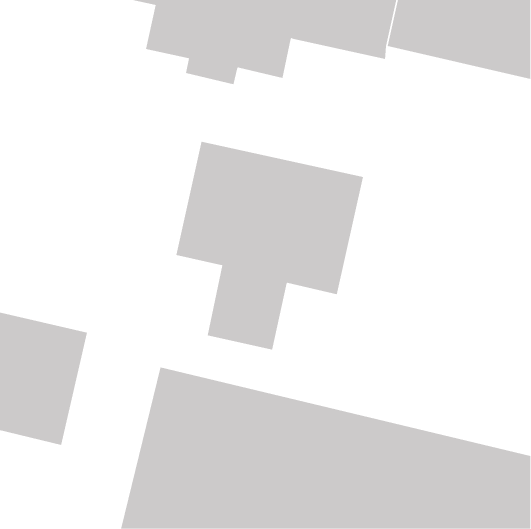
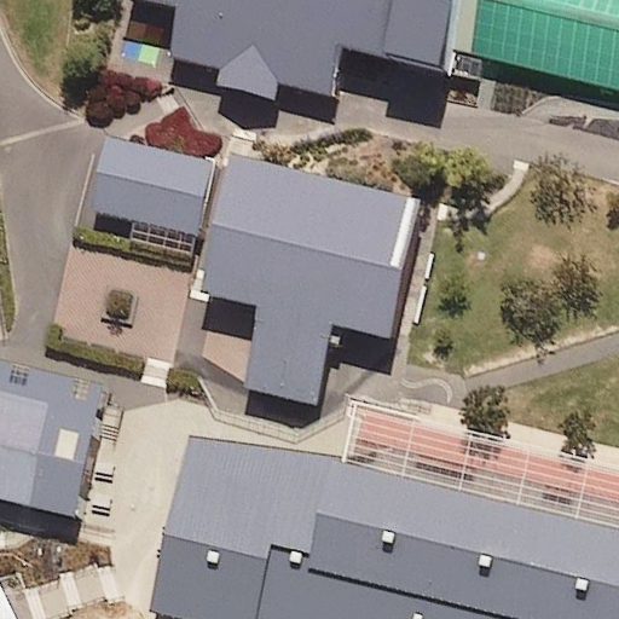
building: none -> [88,137,216,236]

